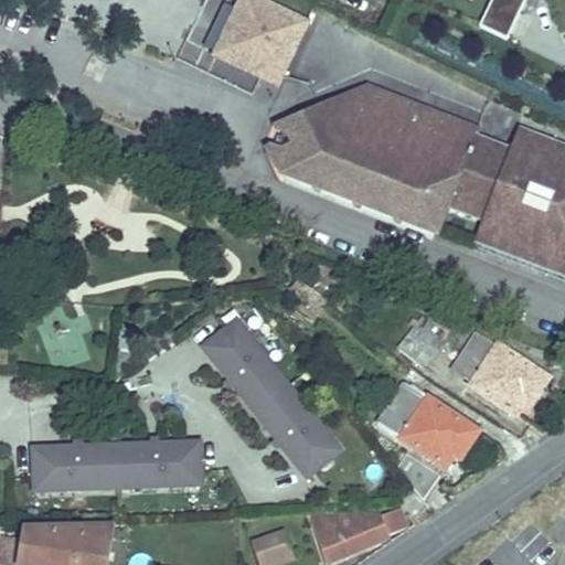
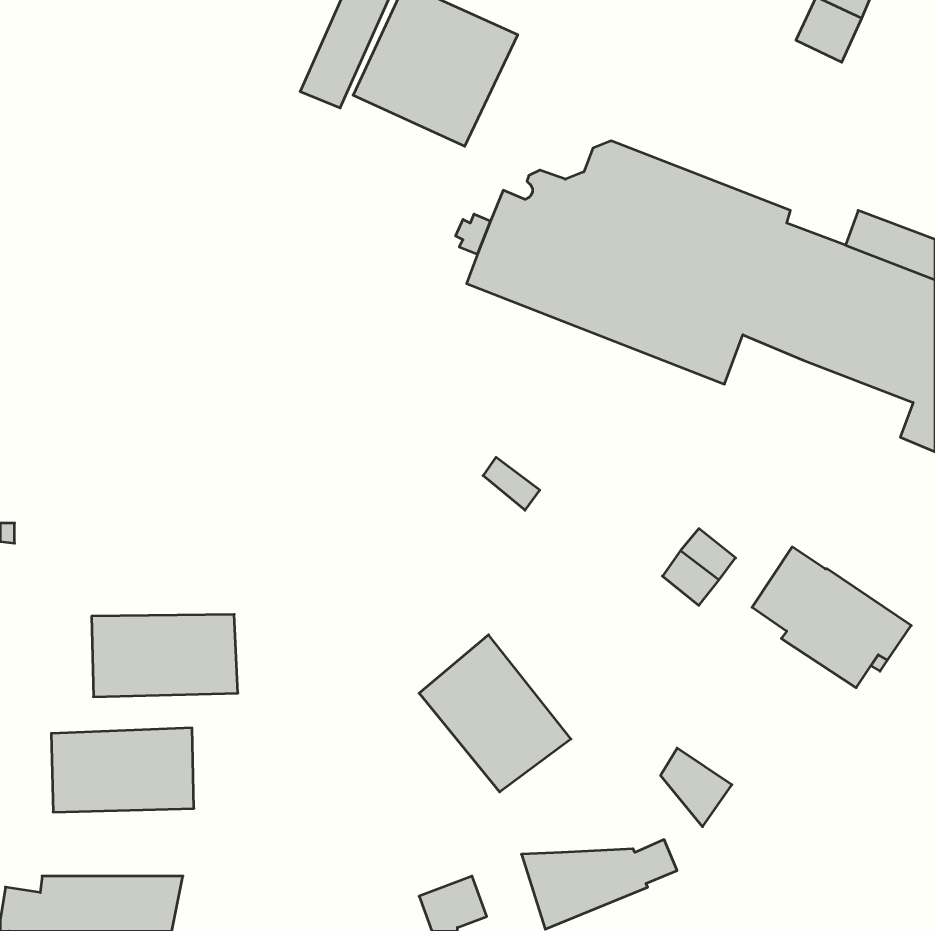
building: [477,217,551,264] -> none
building: [194,311,295,418] -> none
building: [379,381,479,467] -> none
building: [116,438,204,488] -> [92,614,238,697]

